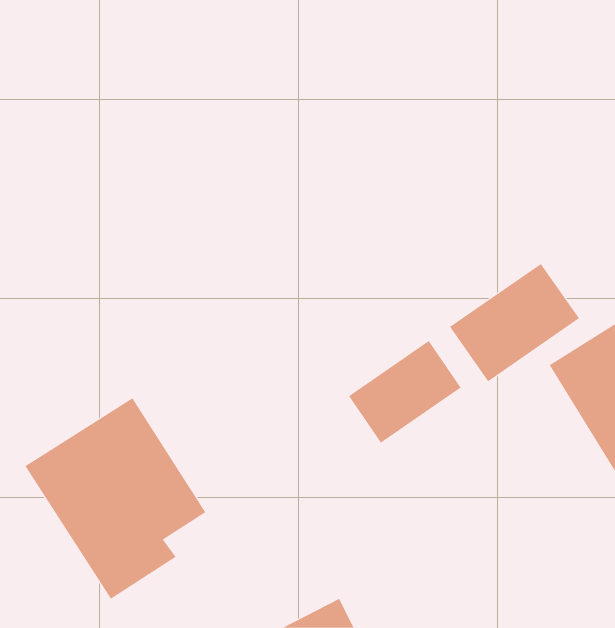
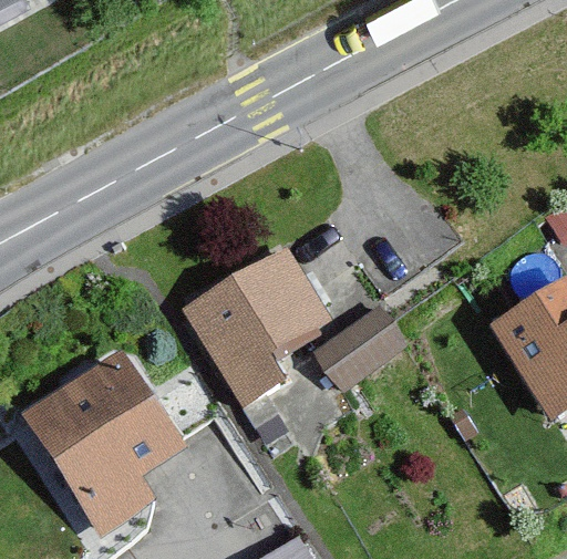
building: [449,263,580,382] -> none
building: none -> [178,242,329,407]

